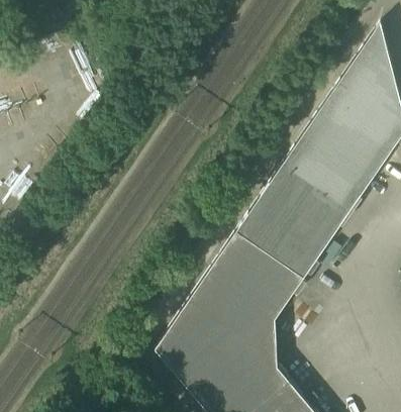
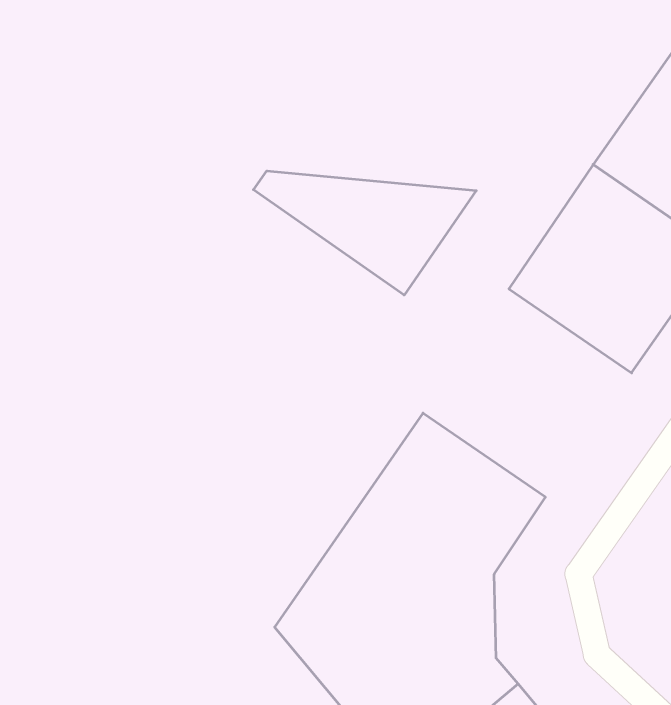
building: none -> [253,171,476,295]
building: [236,162,352,277] -> none

